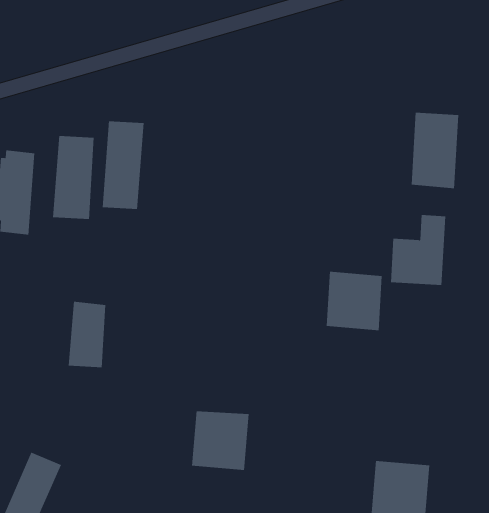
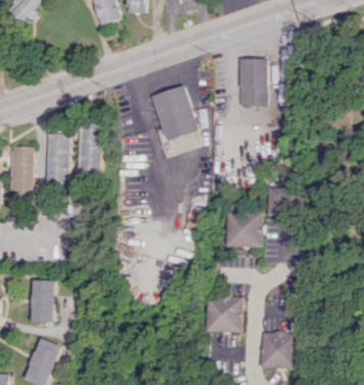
building: none -> [152,86,199,142]
building: [411,112,459,189] -> [241,58,269,106]
building: [68,301,106,368] -> [32,279,54,321]
building: [191,411,250,471] -> [208,295,244,332]

